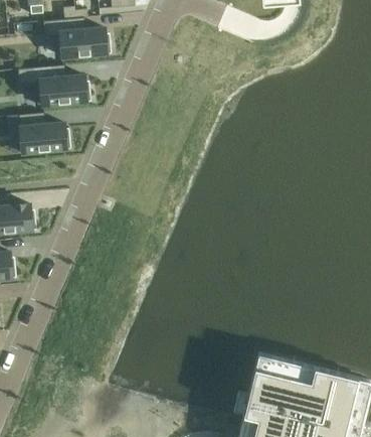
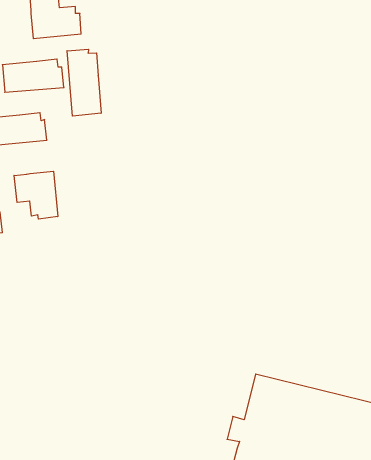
building: none -> [67,49,101,116]
building: none -> [14,171,58,219]

